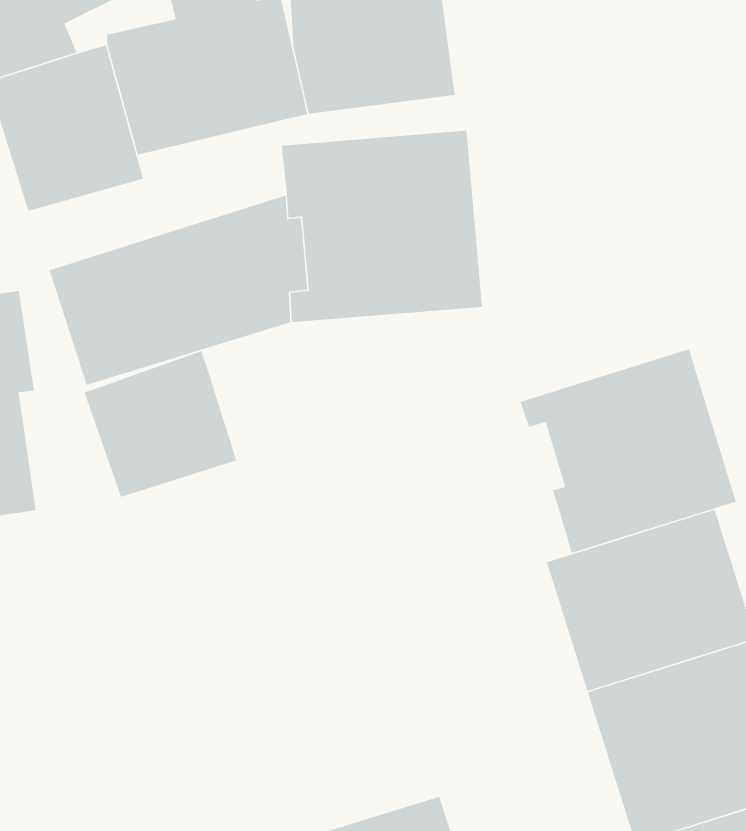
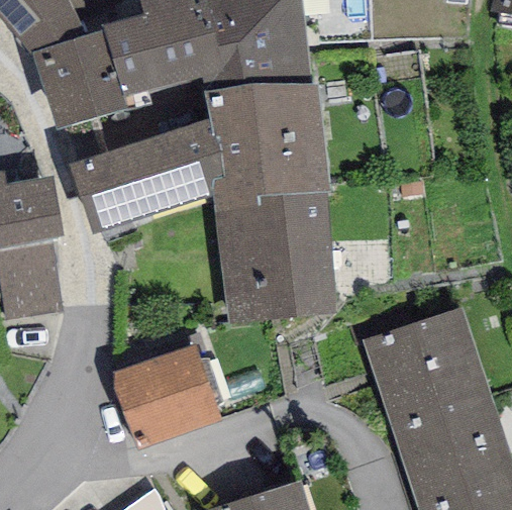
building: none -> [213,188,337,322]
building: [519,348,737,554] -> none
building: [83,350,237,498] -> none
building: none -> [111,343,220,448]

